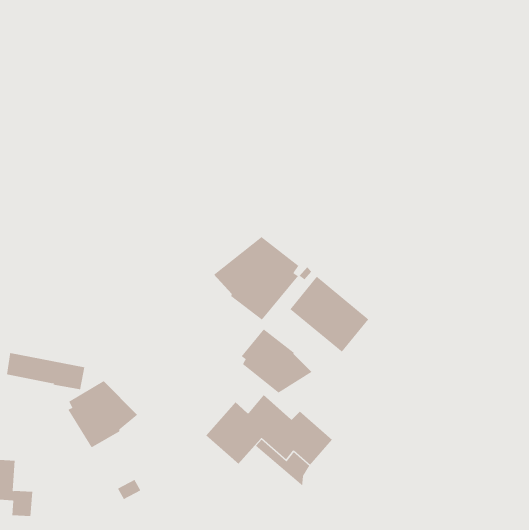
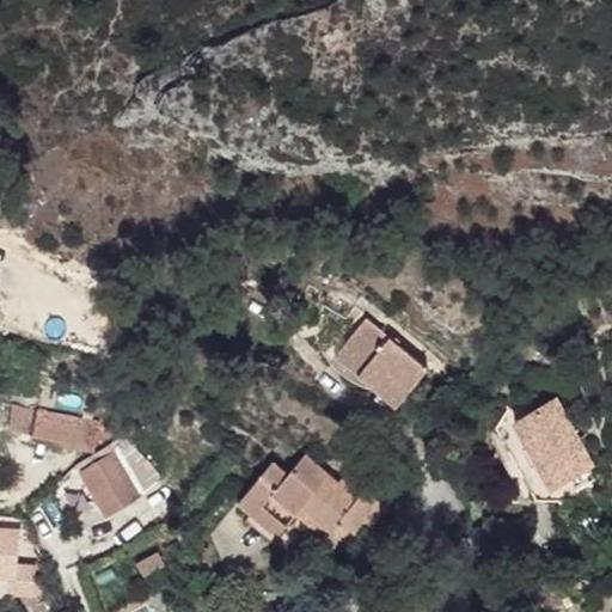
building: [213,236,299,321] -> none
building: [241,328,312,393] -> none
building: none -> [497,399,601,506]

